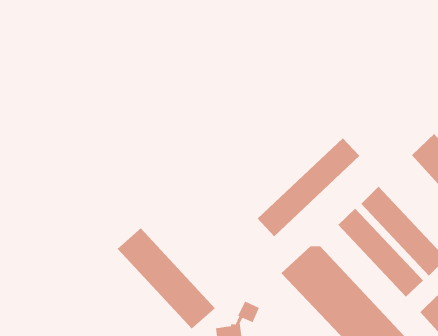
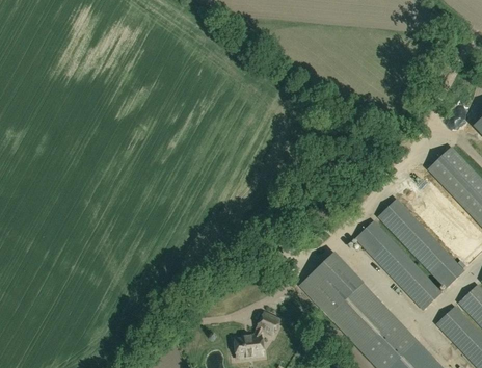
building: [257,137,360,237] -> none
building: [117,228,216,330] -> none

